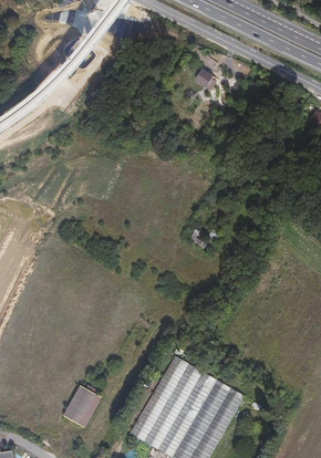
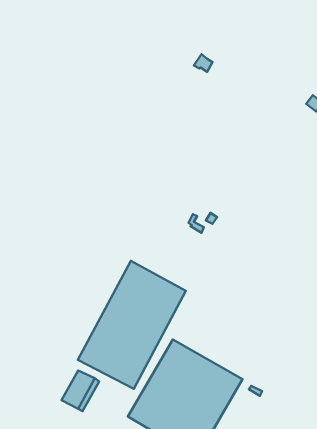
building: none -> [78,261,186,389]

